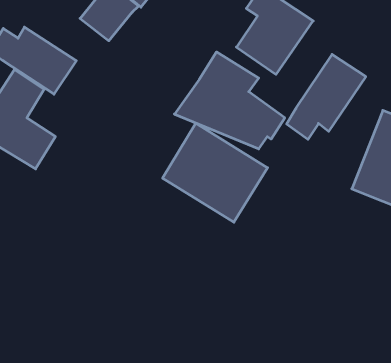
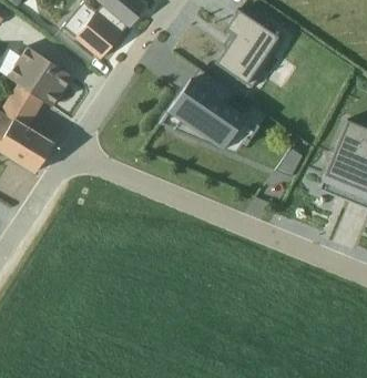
building: [287,54,366,139] -> none
building: [163,123,268,222] -> none

